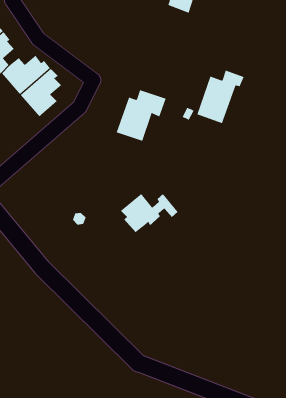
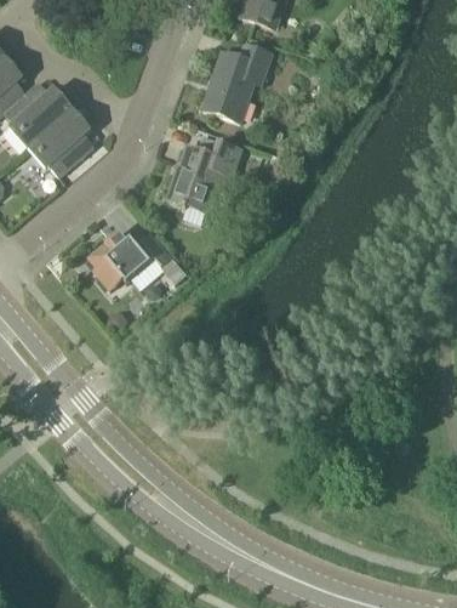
building: [196,70,244,124] -> [202,44,272,121]
building: [120,193,178,233] -> [87,232,171,289]

